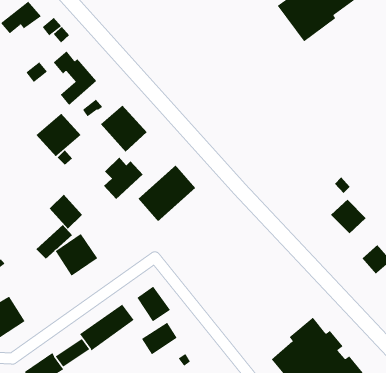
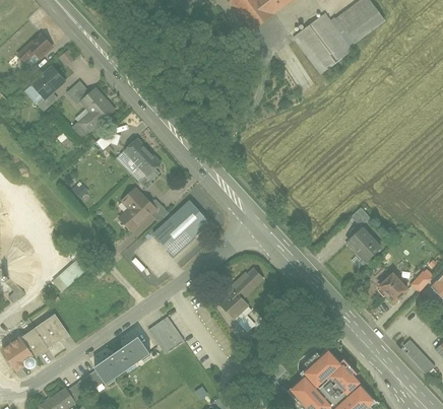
building: none -> [29,64,63,94]
building: [36,113,81,157] -> none
building: [49,194,83,229] -> none
building: none -> [218,263,264,317]
building: [55,233,98,276] -> [23,310,67,353]
building: [141,322,177,355] -> none

